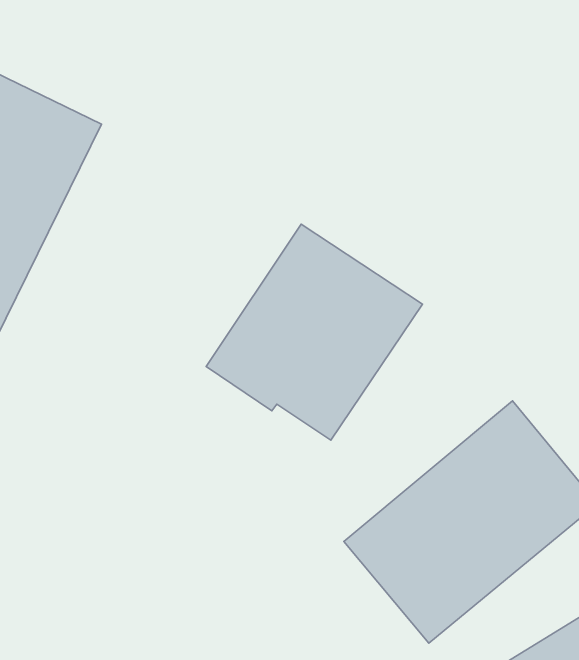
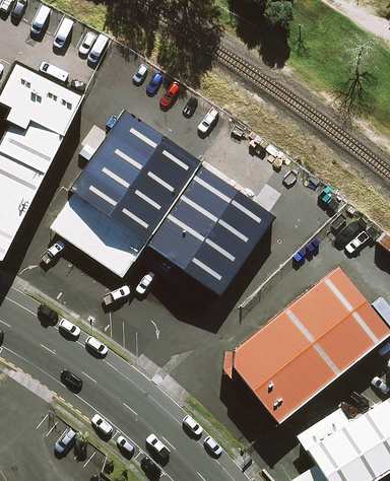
building: none -> [53,112,200,268]

